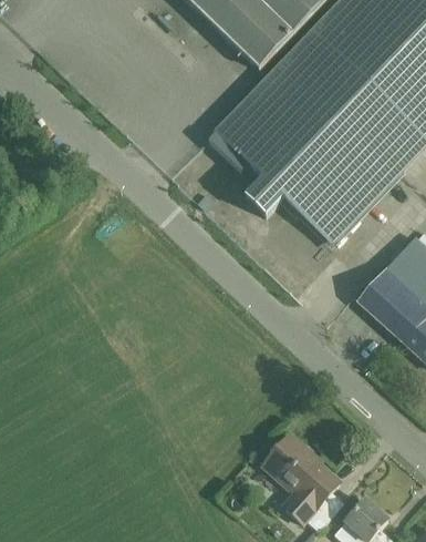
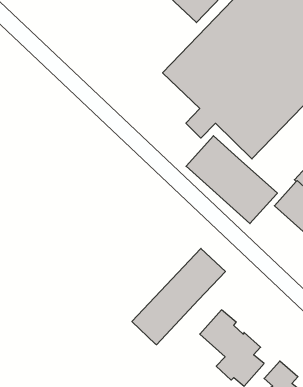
building: none -> [186,136,277,224]
building: none -> [132,248,225,345]

